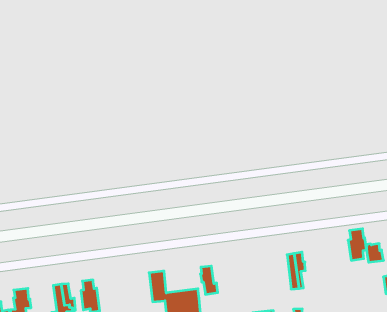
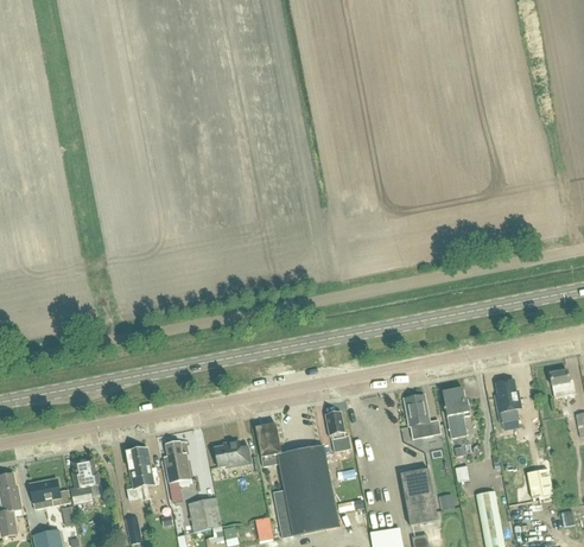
building: [348,229,367,260] -> [494,380,520,424]
building: none -> [405,395,430,437]
building: none -> [214,440,250,466]

